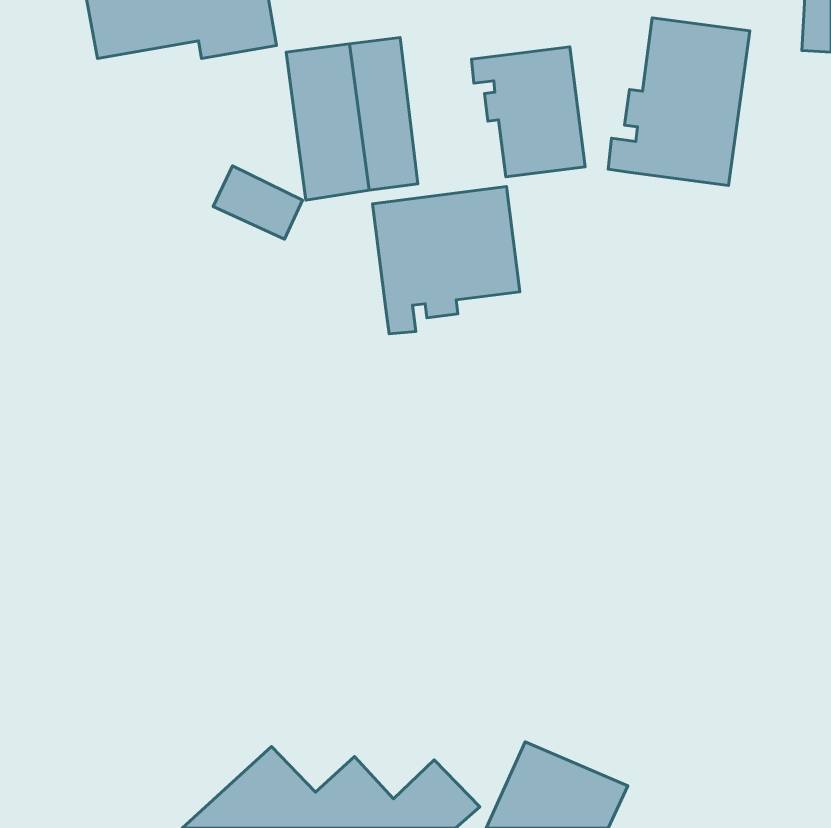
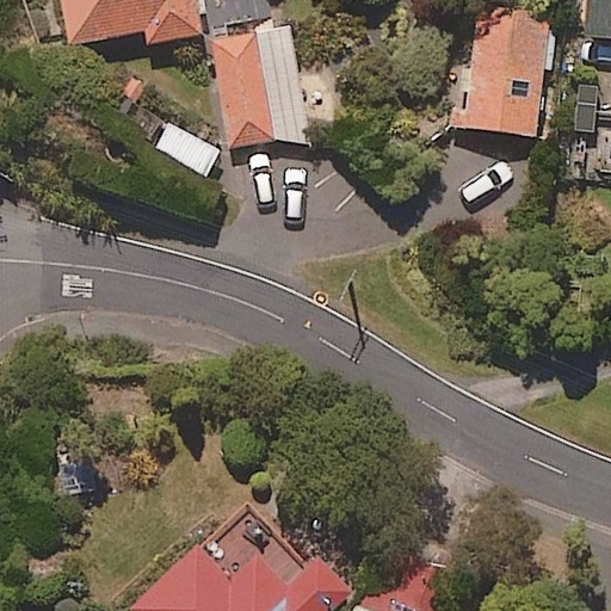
building: [472,47,585,177] -> none
building: [372,186,520,334] -> none

